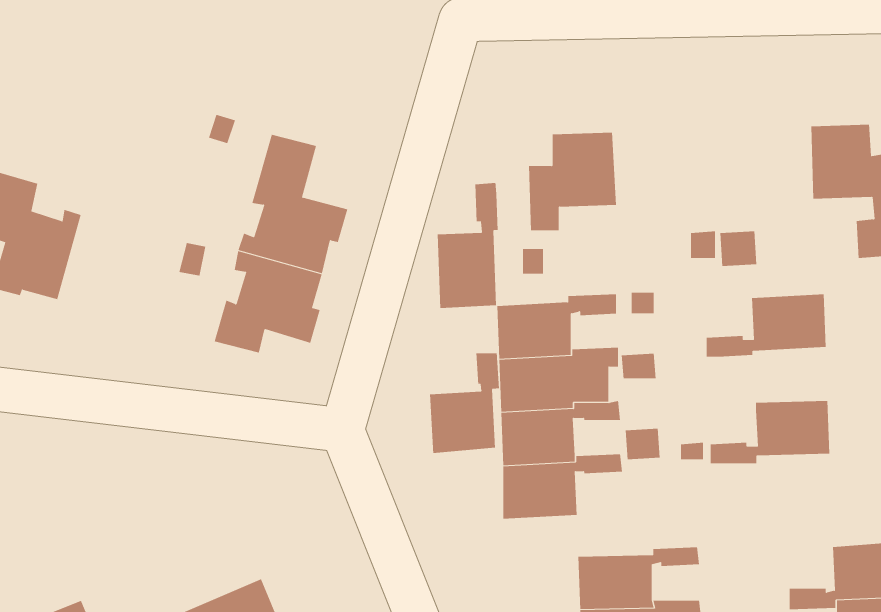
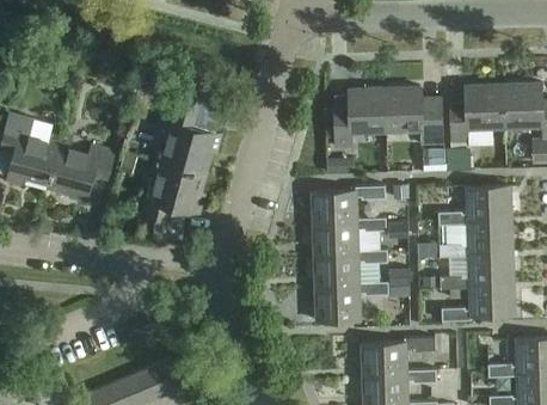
building: none -> [448,85,503,145]
building: none -> [382,88,443,146]
building: [437,182,498,309] -> none
building: none -> [47,139,116,204]
building: none -> [418,219,512,259]
building: [430,353,500,454] -> none
building: none -> [441,283,515,321]

